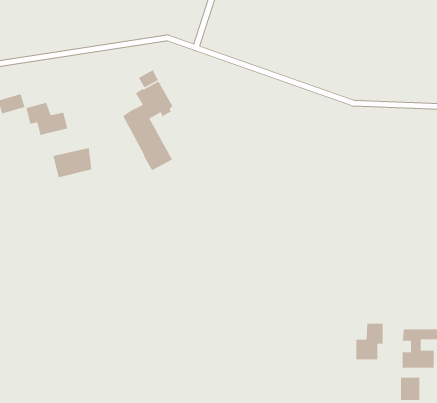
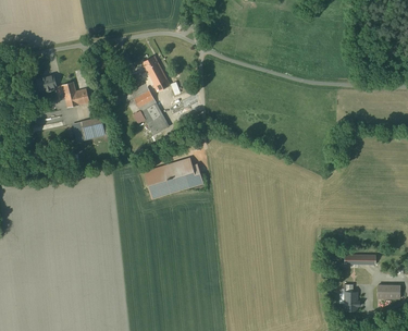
building: none -> [143,158,202,199]
building: [356,323,384,360] -> none

